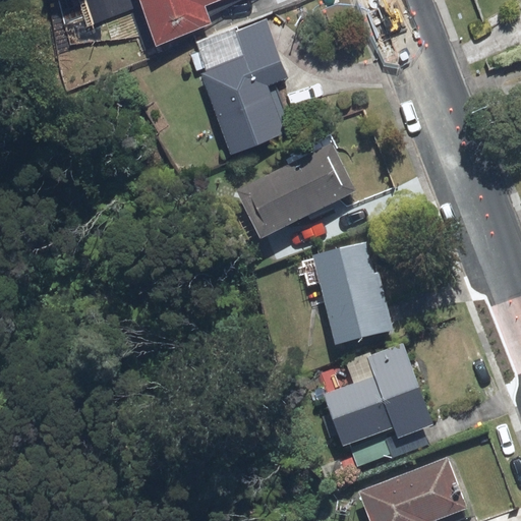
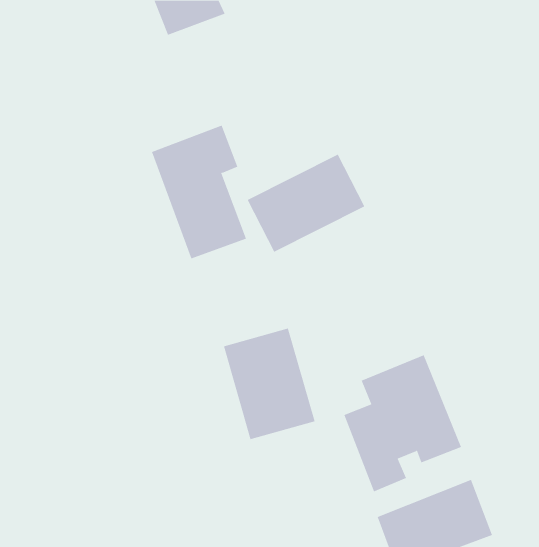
building: [195,18,286,146] -> [151,125,247,259]
building: [309,240,397,346] -> [223,328,315,440]

